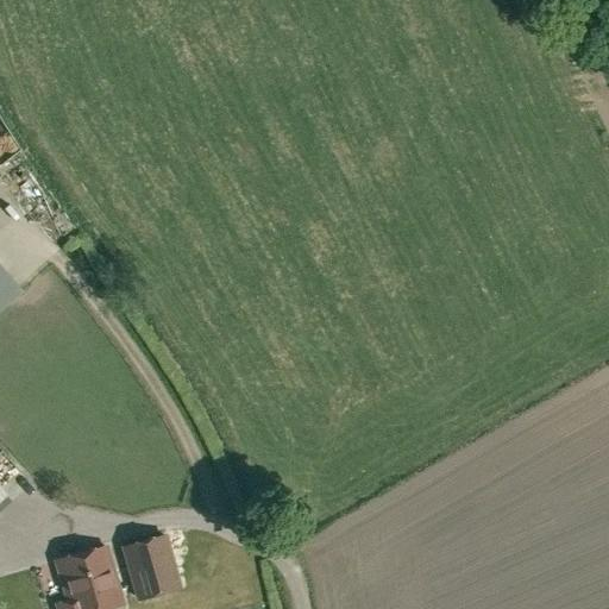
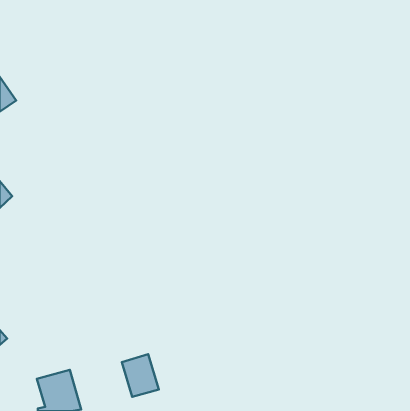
building: [123,536,177,599] -> [122,354,159,397]

